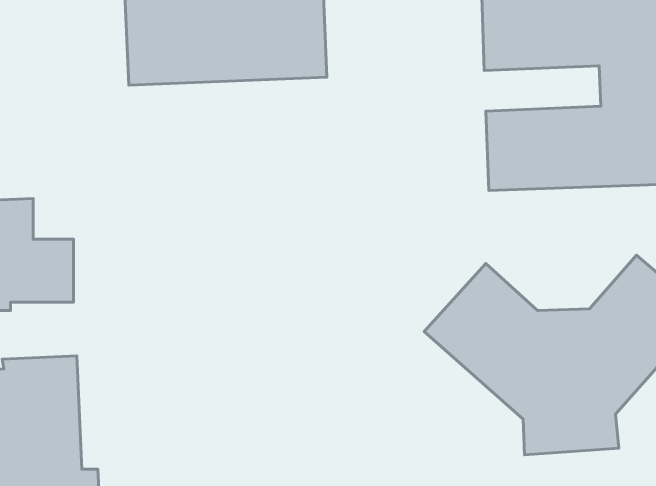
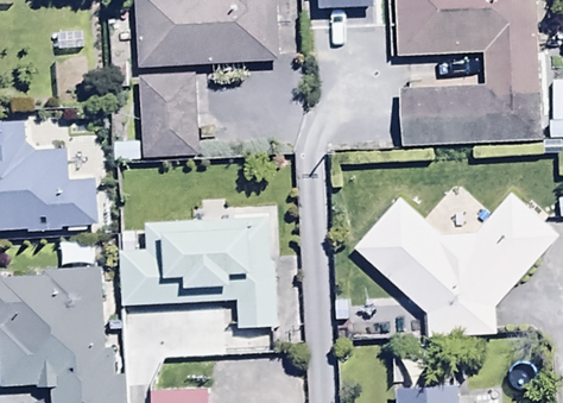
building: none -> [112,73,198,159]
building: none -> [120,215,278,327]

